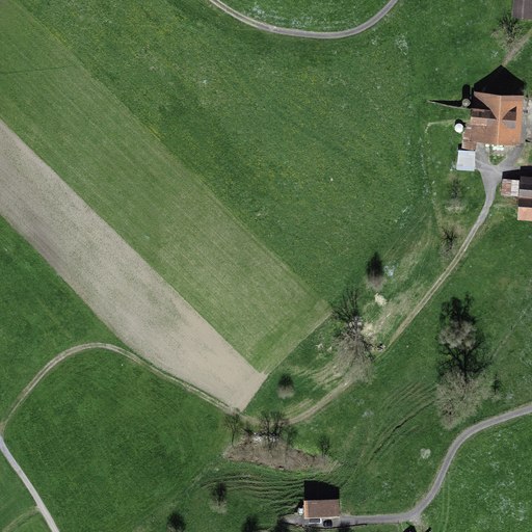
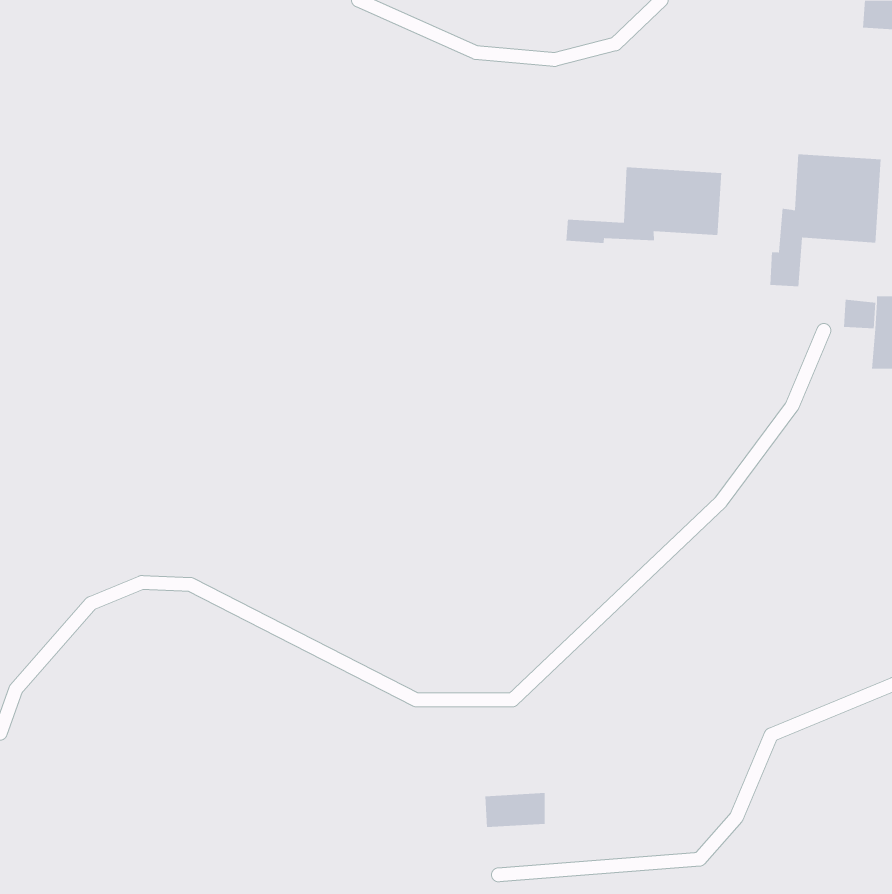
building: none -> [566,167,722,244]
building: [304,498,341,518] -> [484,793,546,828]

